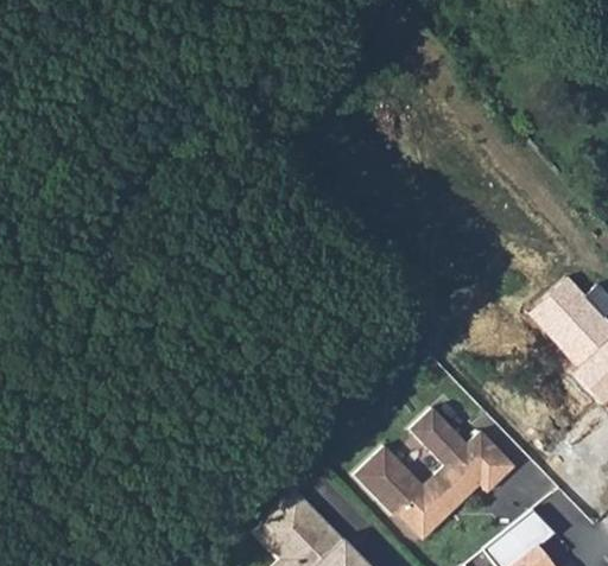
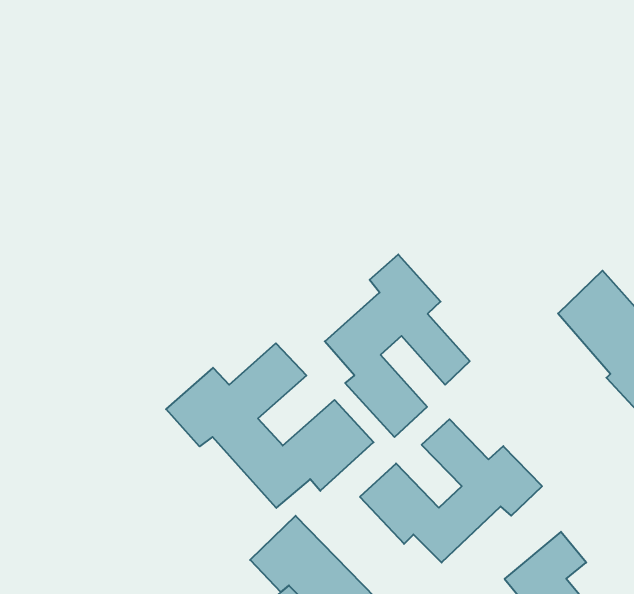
building: none -> [325,254,470,437]
building: none -> [166,343,374,508]

